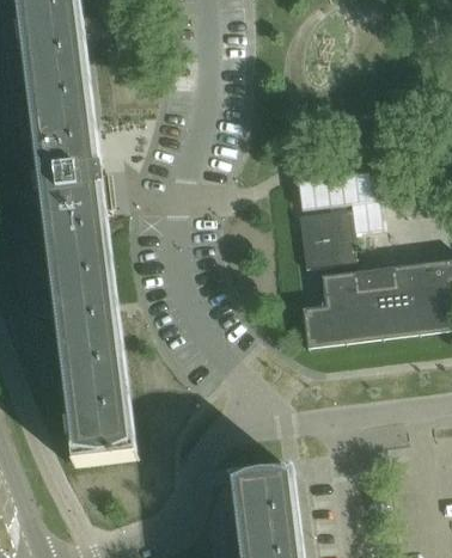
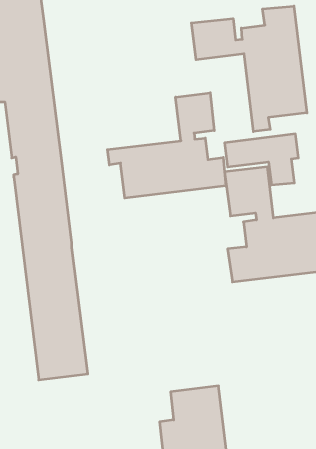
building: none -> [191,6,307,132]
building: none -> [107,93,226,198]

